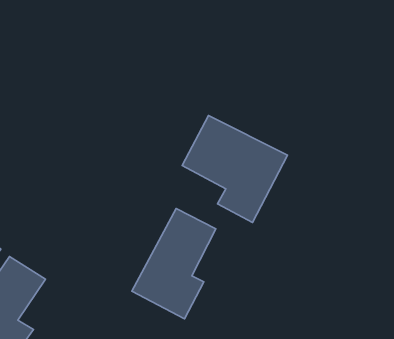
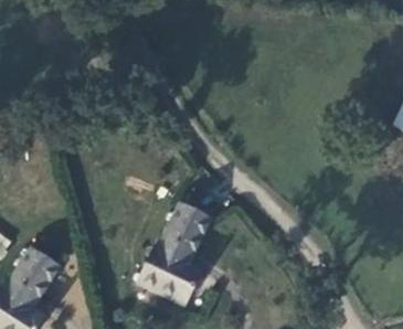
building: [182,115,288,222] -> none

